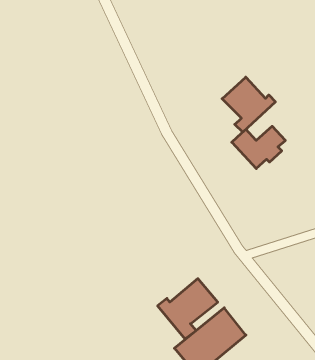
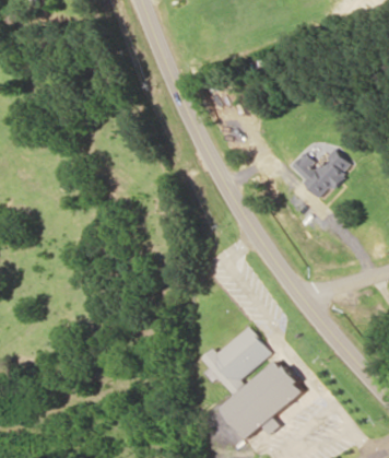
building: [222,77,275,132] -> none

